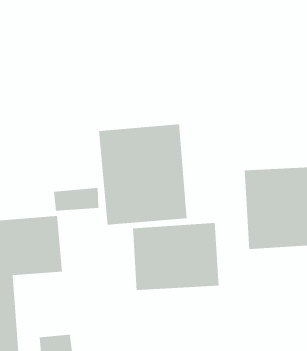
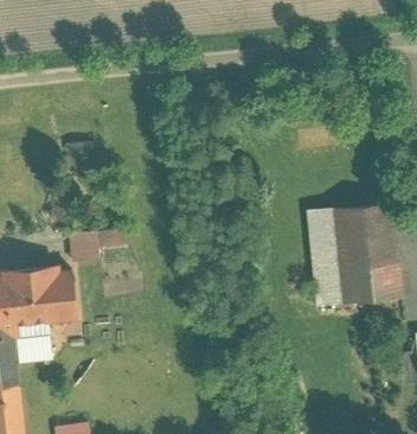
building: [98,124,188,226] -> none
building: [132,222,219,291] -> none

